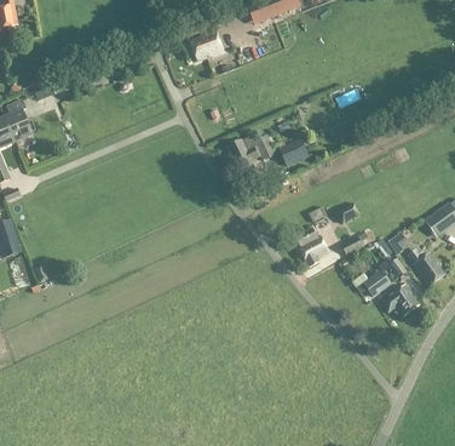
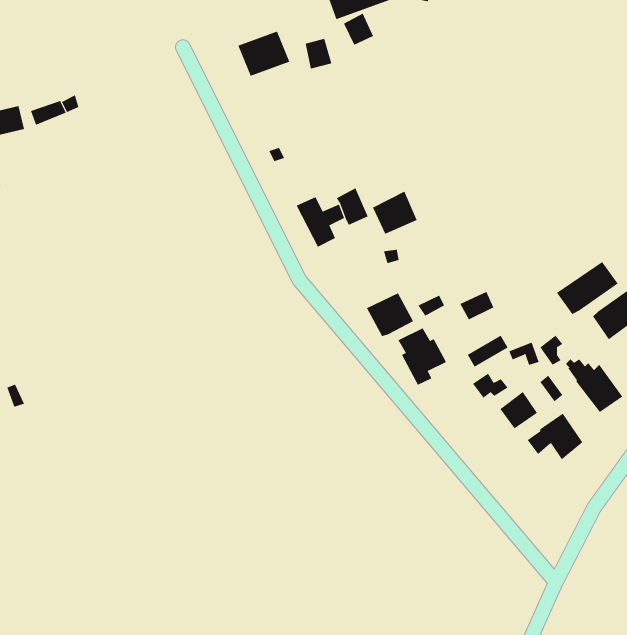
building: none -> [556,261,618,315]
building: none -> [366,293,414,337]

